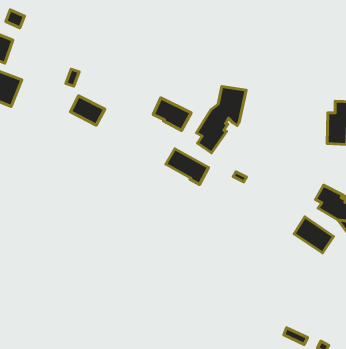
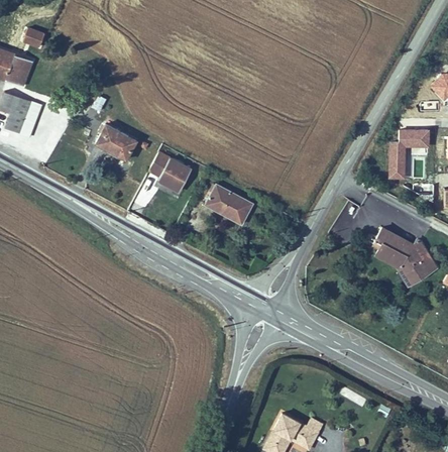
building: [196,87,246,153] -> none
building: [153,98,191,130] -> [148,151,192,189]
building: [294,217,334,253] -> none

